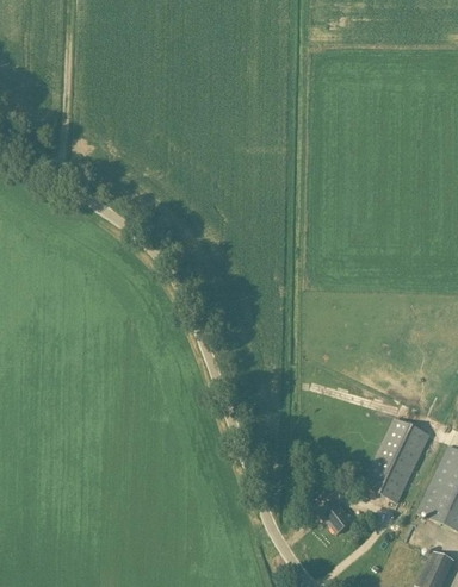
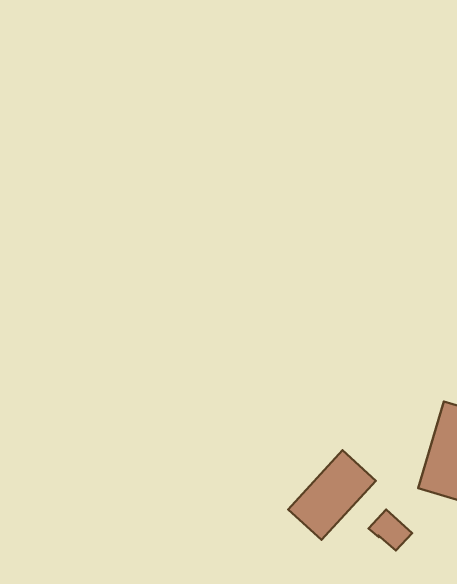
building: none -> [288,450,376,540]

